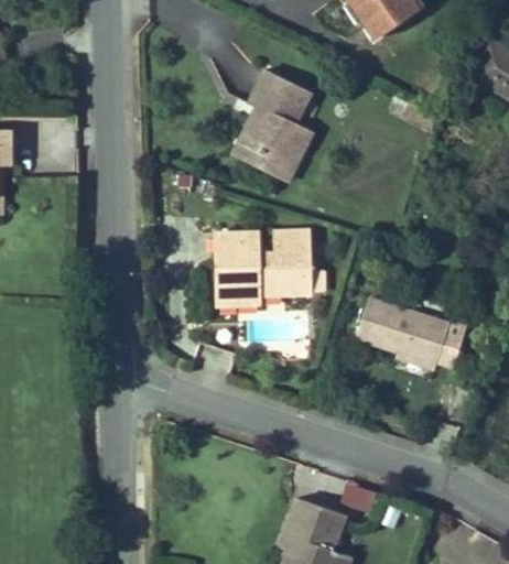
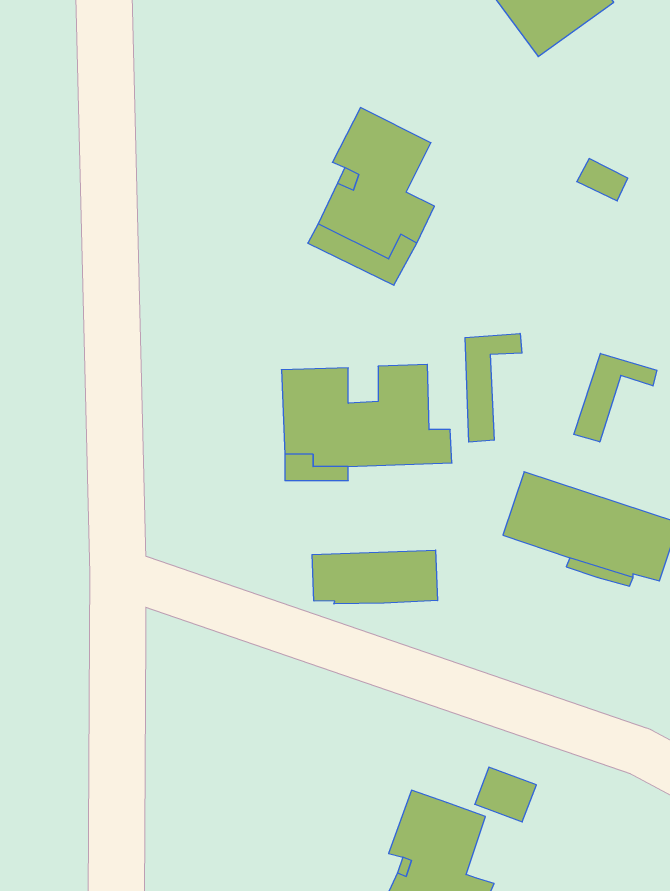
building: none -> [465,333,522,442]
building: none -> [574,353,657,442]
building: none -> [312,550,438,604]

